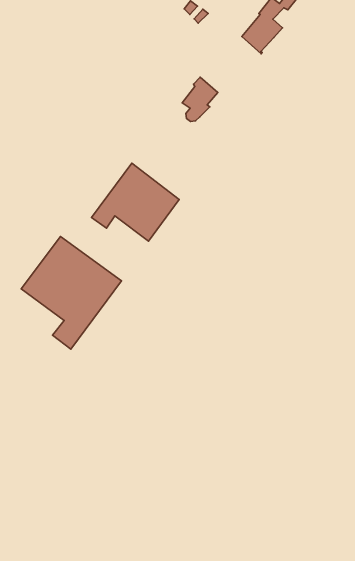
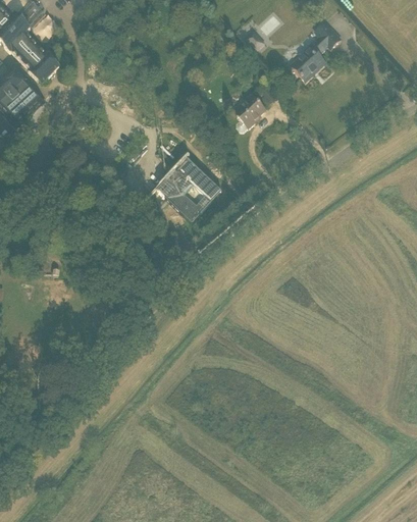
building: [21,237,121,349] -> none

